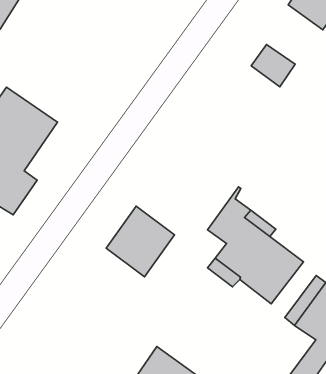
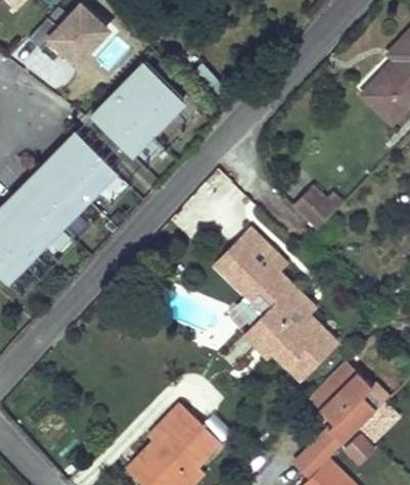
building: none -> [90,59,189,158]
building: [251,45,295,87] -> [291,187,334,230]
building: [106,206,175,277] -> [216,229,284,298]

